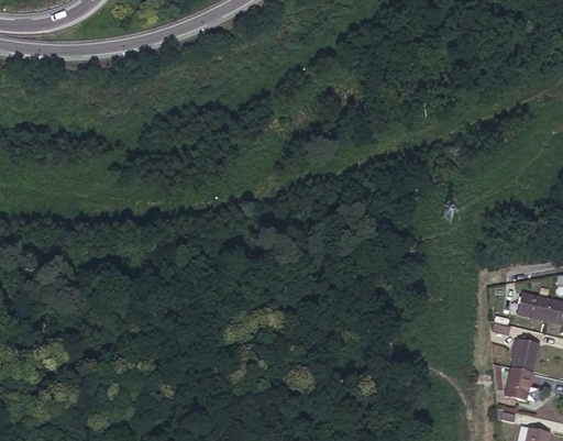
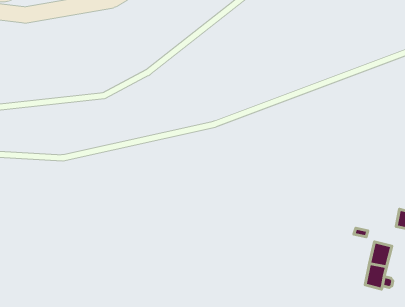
building: [517,291,549,320] -> none

